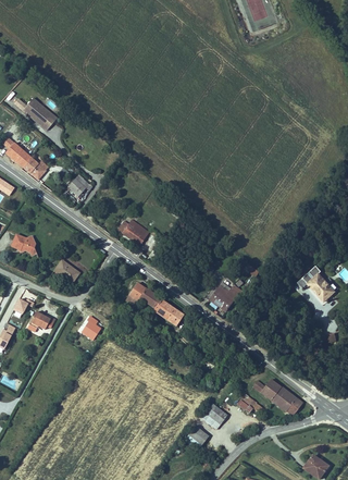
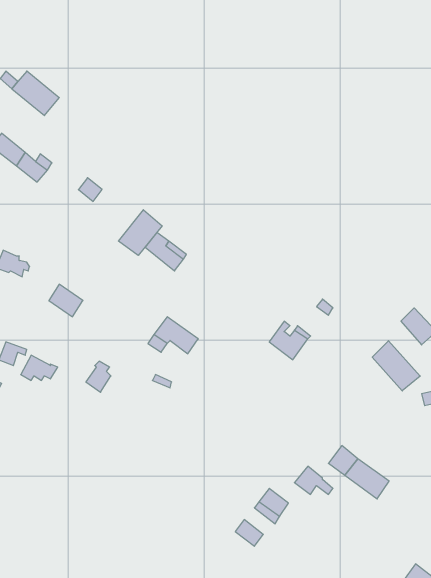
building: none -> [118,210,162,255]
building: [151,295,184,324] -> none
building: none -> [372,341,420,391]

